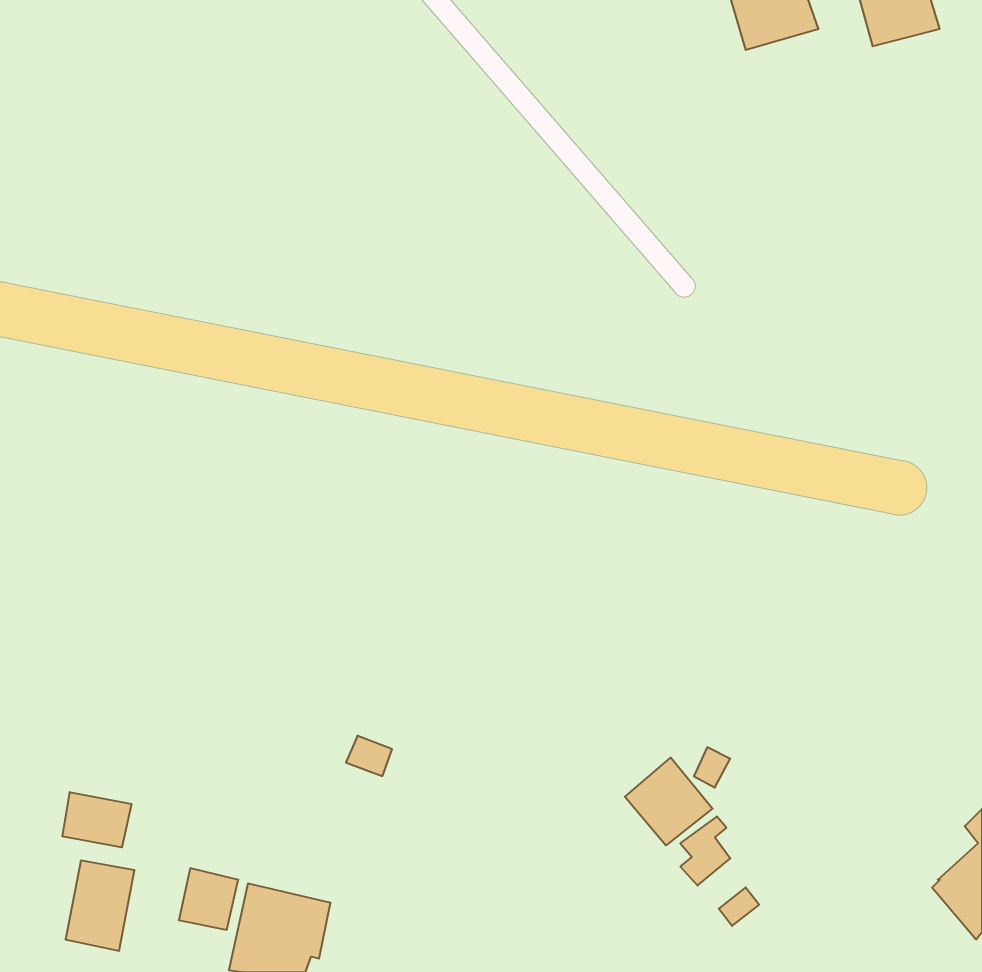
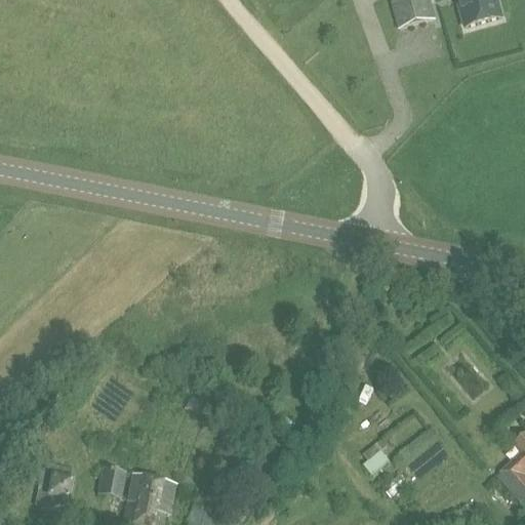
building: [625,758,713,845] -> none
building: [62,792,131,847] -> none

